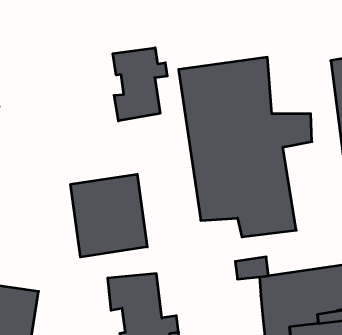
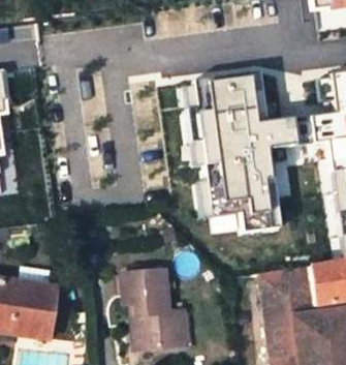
building: [113,48,167,121] -> none
building: [71,174,147,257] -> none

